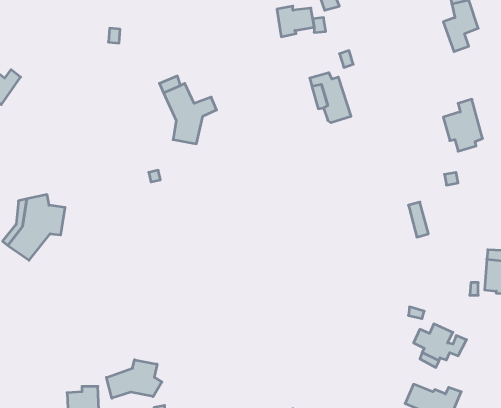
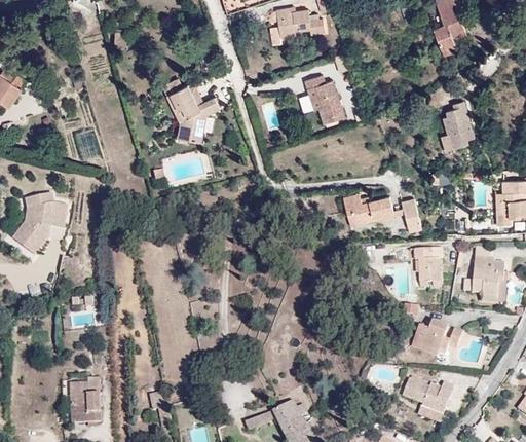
building: none -> [342,194,393,227]
building: none -> [413,246,446,280]
building: [106,360,162,398] -> none

